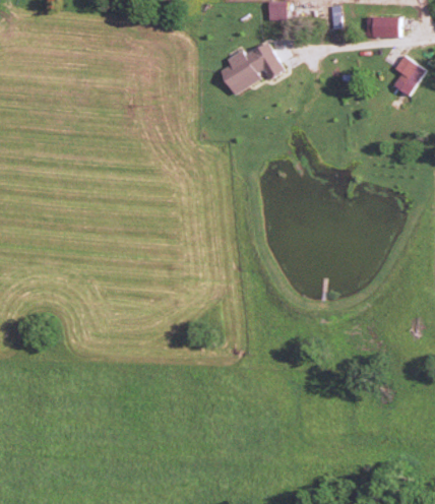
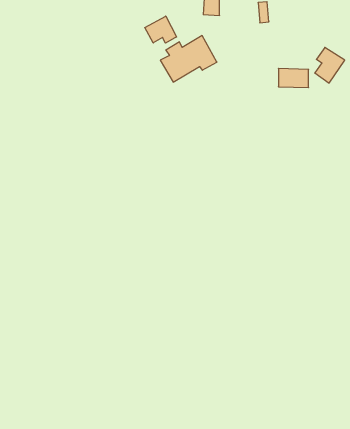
building: [366,16,399,38] -> [278,68,309,88]
building: none -> [145,16,177,43]

